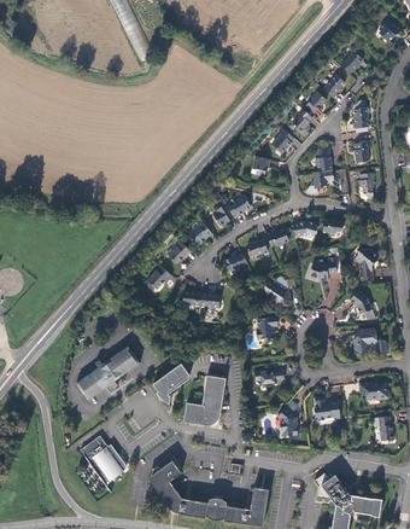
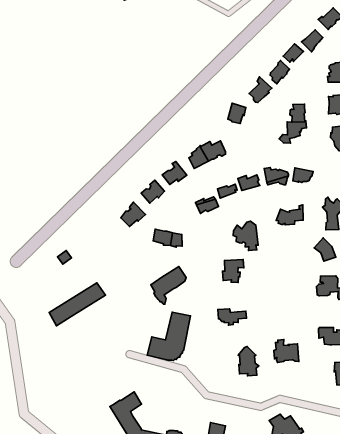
building: [153,364,189,403] -> [151,267,186,304]
building: [81,436,127,483] -> none

